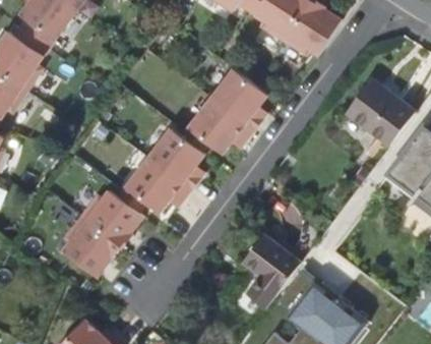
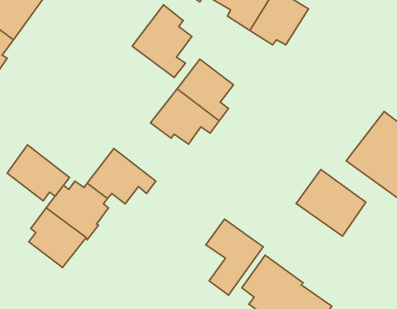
building: none -> [132,5,192,77]
building: [337,71,407,137] -> [296,170,366,236]
building: [148,128,205,190] -> none
building: none -> [7,145,69,201]

